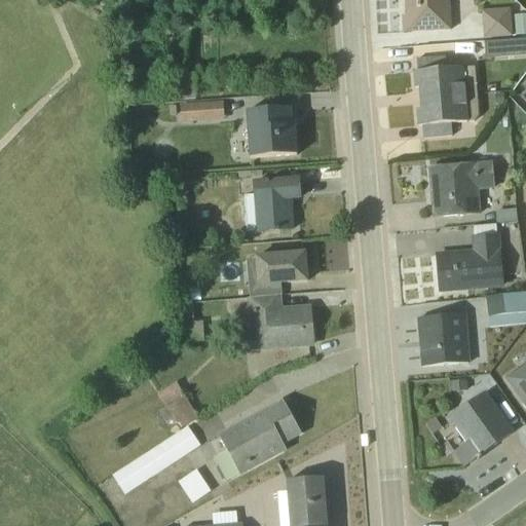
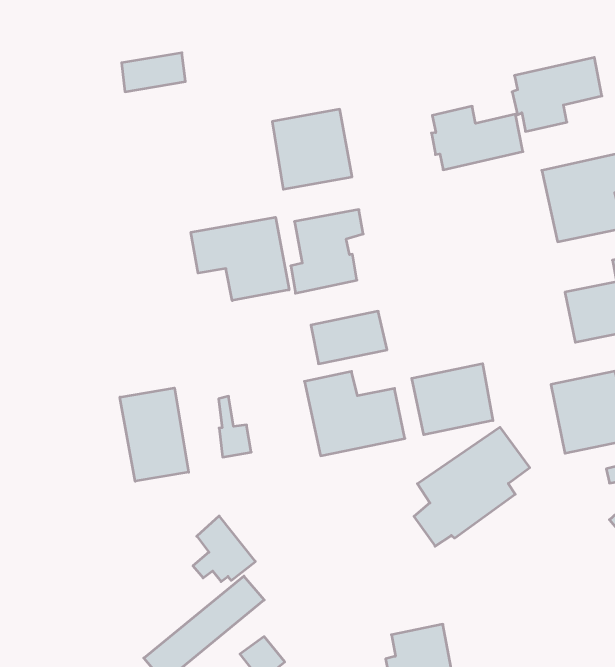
building: [414,53,477,96] -> [431,106,523,170]
building: [182,96,225,118] -> [122,53,185,92]
building: none -> [191,217,289,301]
building: none -> [120,388,189,481]
building: none -> [412,364,493,435]
building: [214,400,299,478] -> [414,427,530,546]

